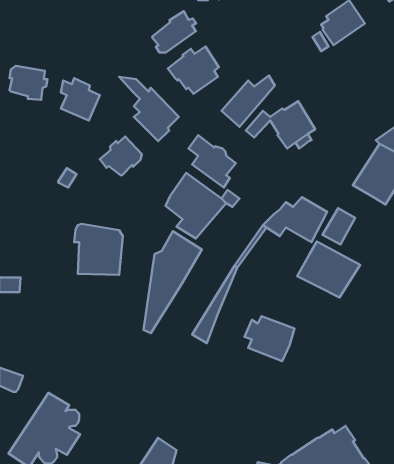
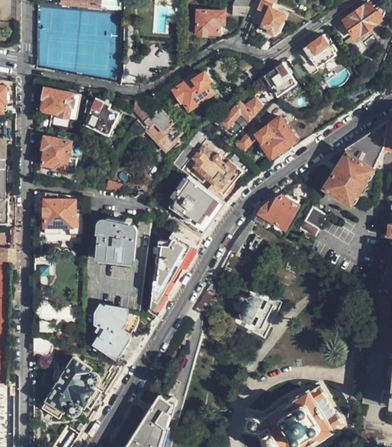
building: [152,11,196,53] -> none
building: none -> [263,63,295,95]
building: none -> [42,138,70,171]
building: [100,137,142,175] -> none
building: none -> [45,200,75,226]
building: [297,241,360,297] -> none
building: none -> [94,307,129,355]

